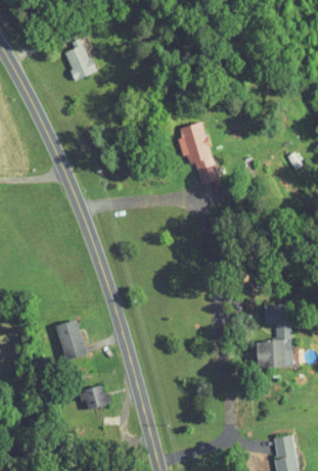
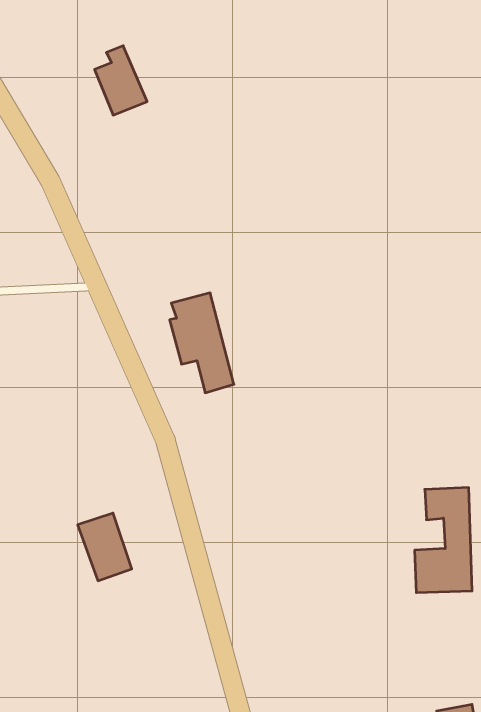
building: [179,122,218,182] -> [170,293,234,393]
building: [79,385,108,410] -> none

